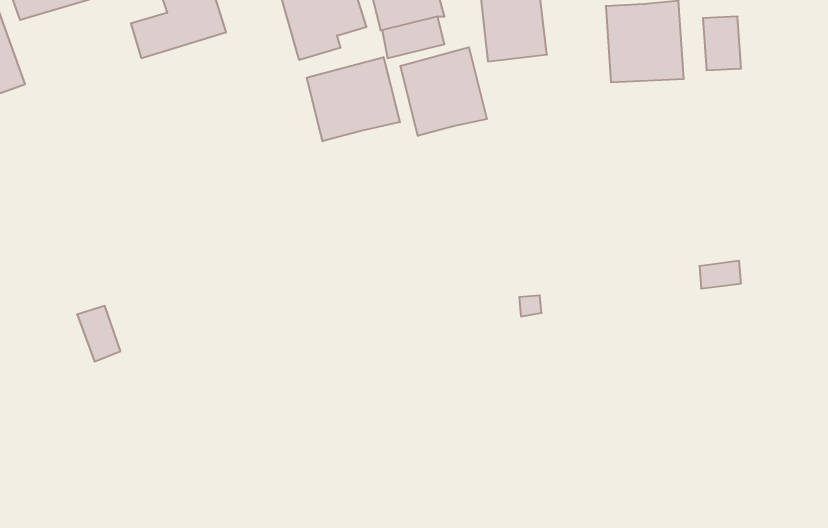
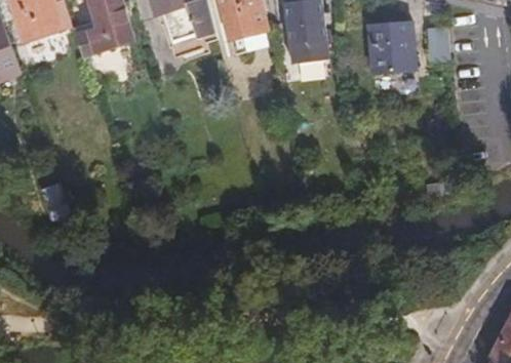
building: [400,47,487,136] -> none
building: [307,57,400,141] -> none

